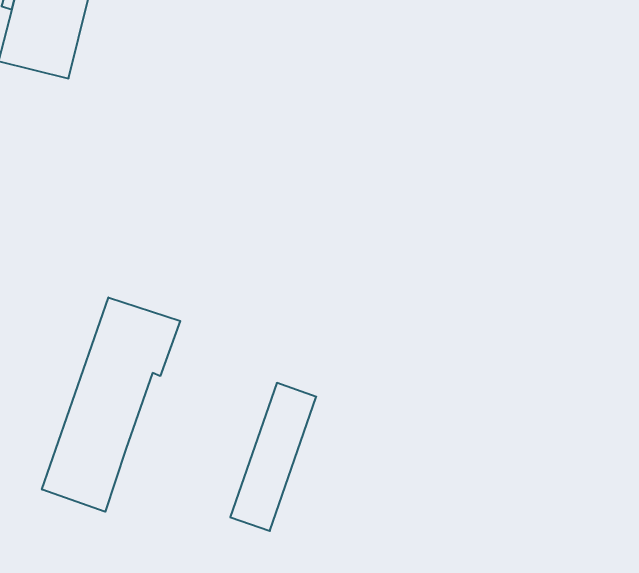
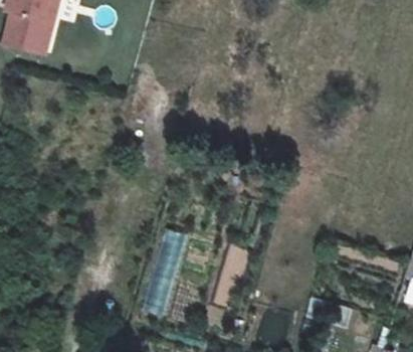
building: [42,297,180,512] -> none

